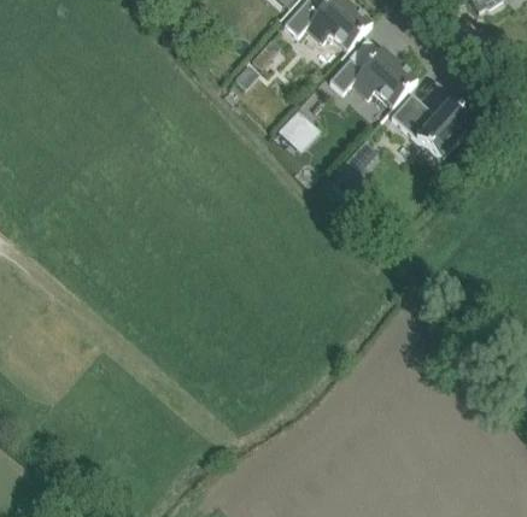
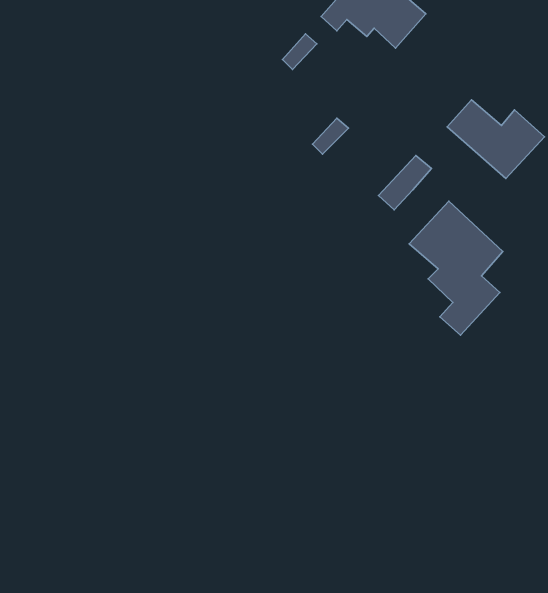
building: [330,45,418,105] -> none
building: none -> [409,201,503,335]

